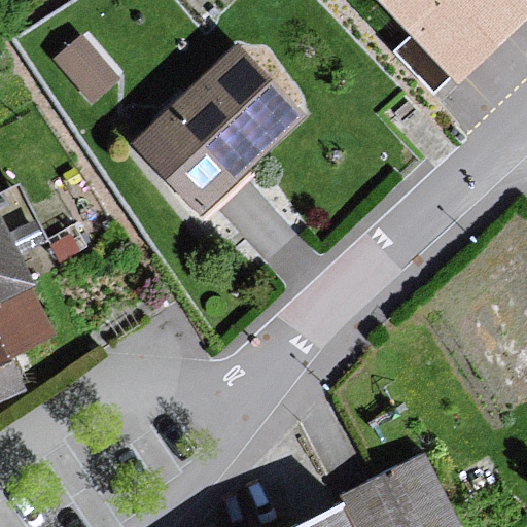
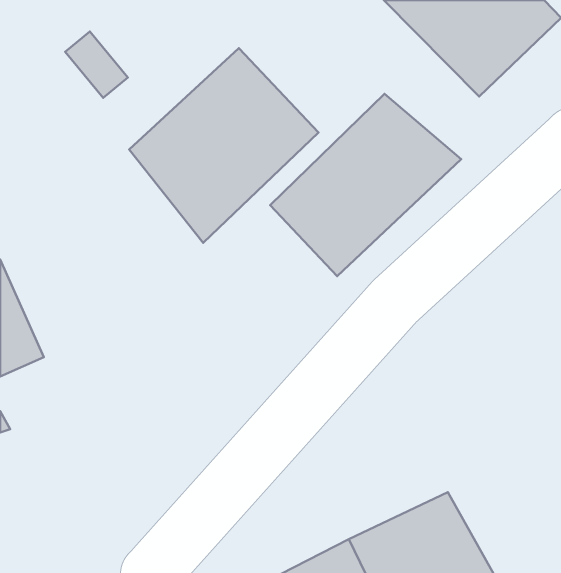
building: none -> [270,94,461,276]

